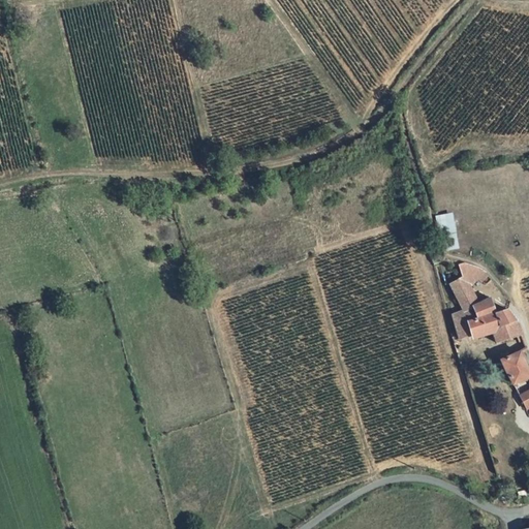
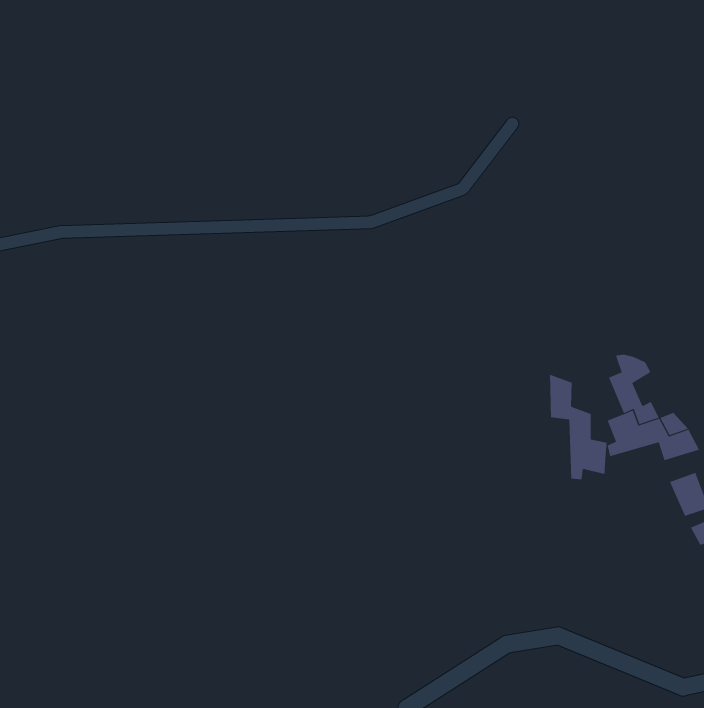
building: none -> [549,374,607,480]

